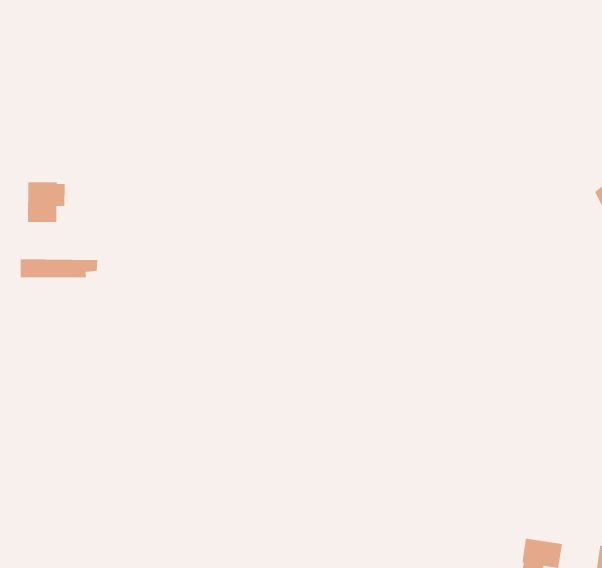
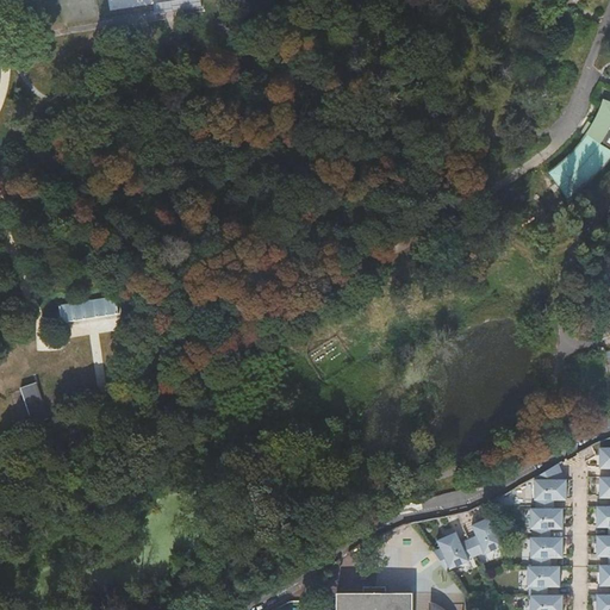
building: [27,181,65,223] -> none

